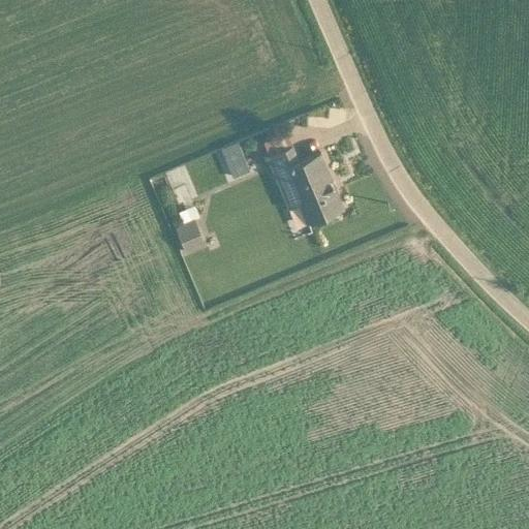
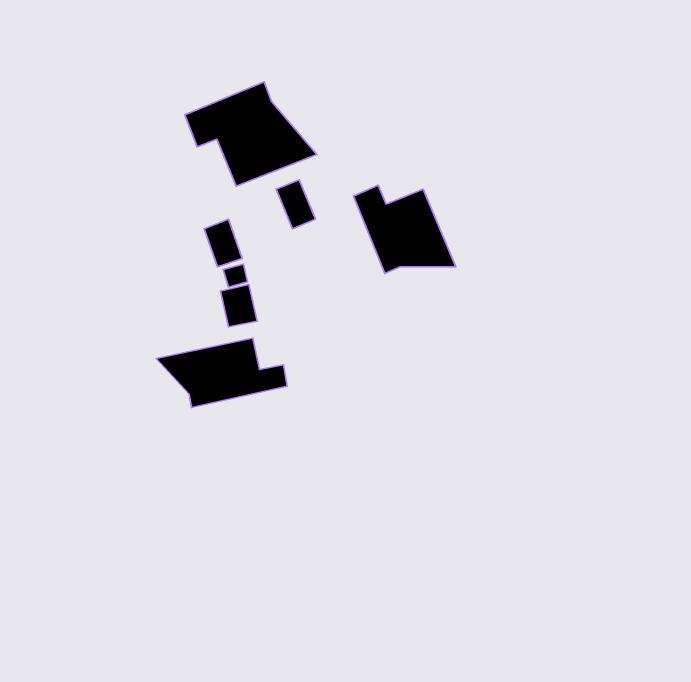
building: none -> [185,82,317,186]
building: none -> [156,338,287,408]

